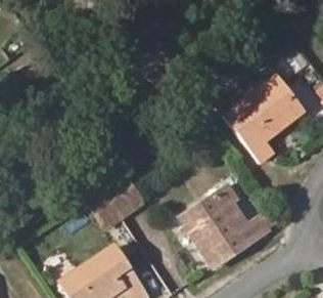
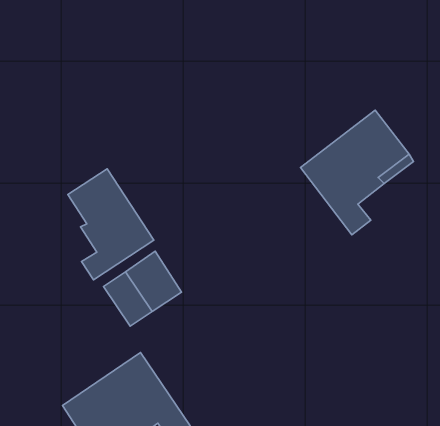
building: none -> [68,169,154,280]
building: [179,185,269,268] -> none

